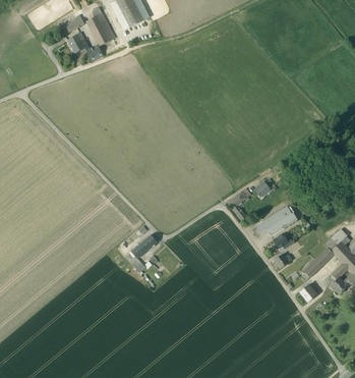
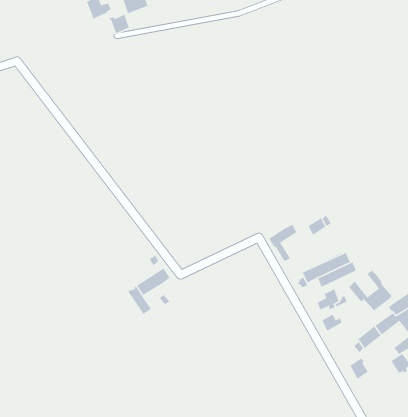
building: none -> [348,269,393,311]

